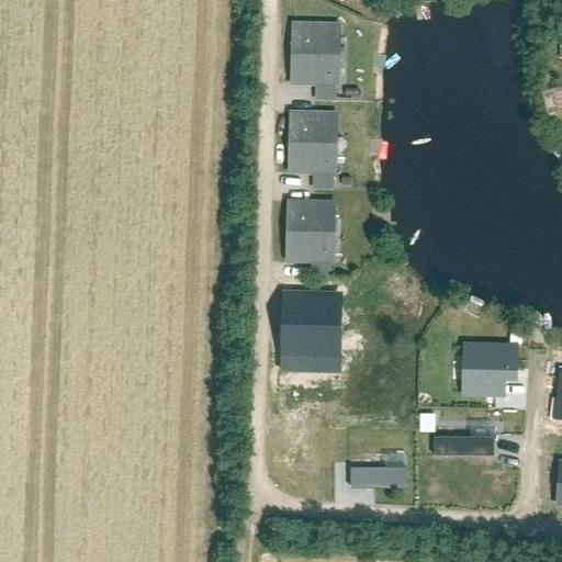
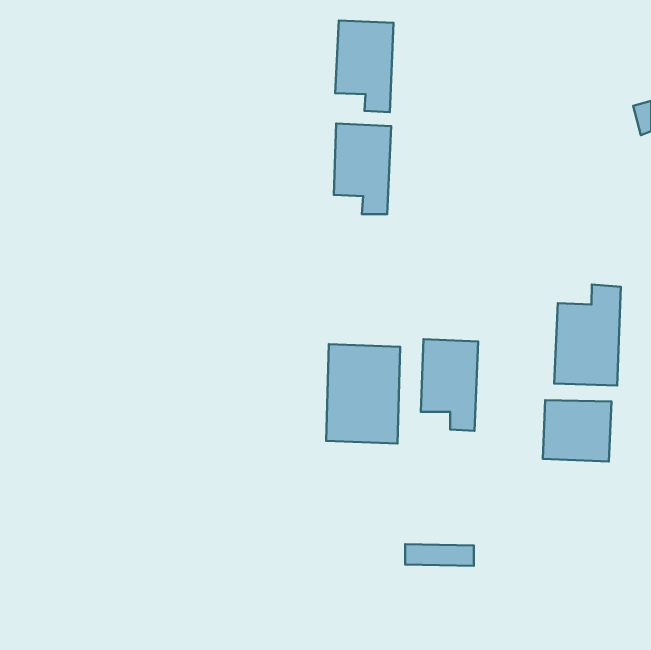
building: [284,194,334,273] -> [421,339,478,431]
building: none -> [554,284,621,386]
building: [437,436,497,454] -> none

